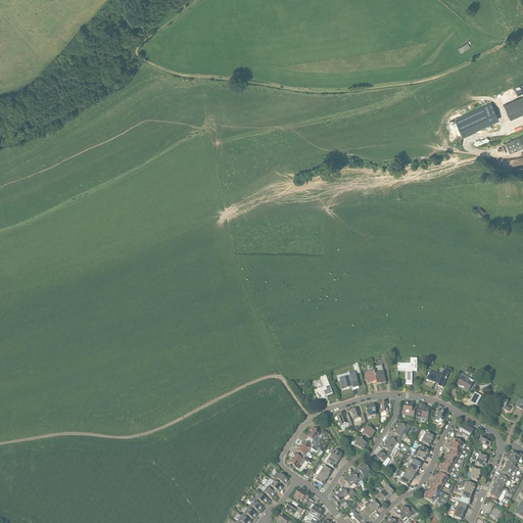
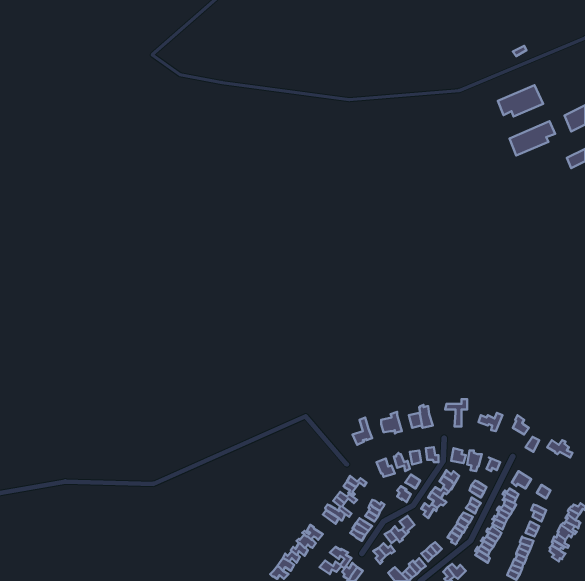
building: none -> [498,85,543,117]

